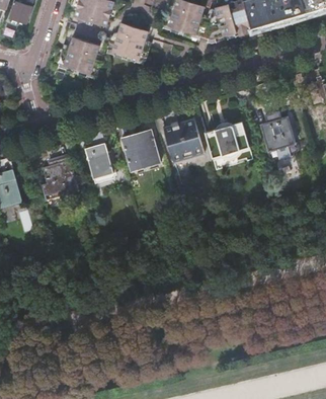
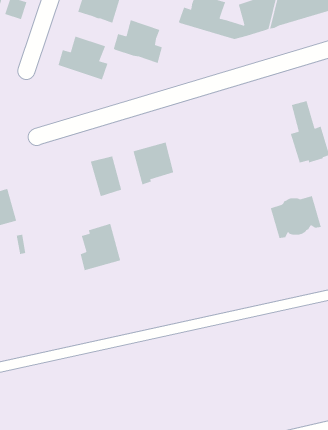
building: [206,119,251,158] -> [270,195,322,239]
building: [166,121,205,163] -> none
building: [43,156,79,198] -> [80,223,121,271]

